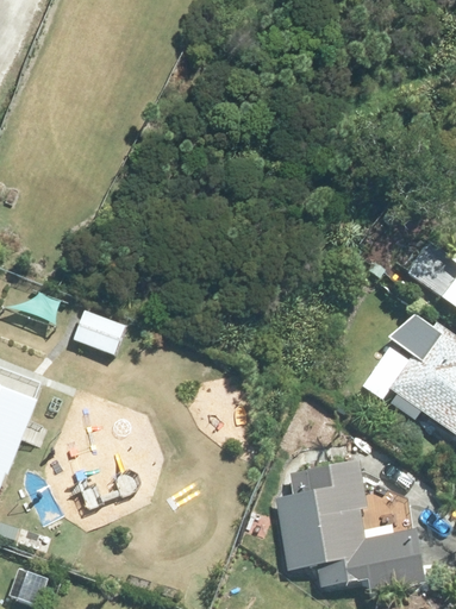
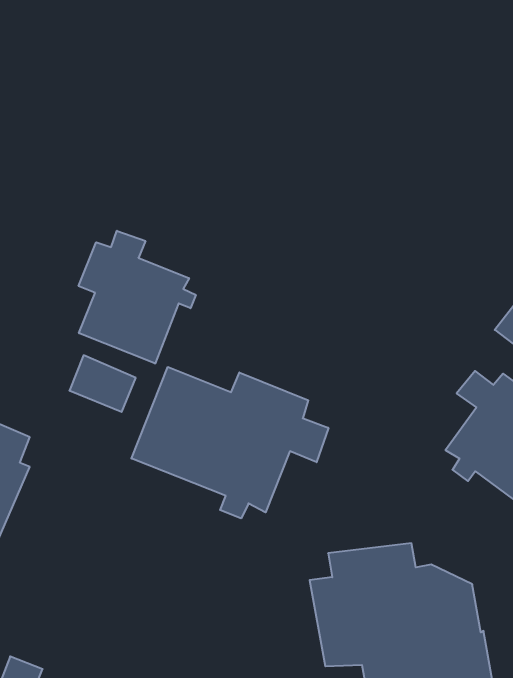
building: none -> [79,231,196,364]
building: none -> [131,367,328,518]

